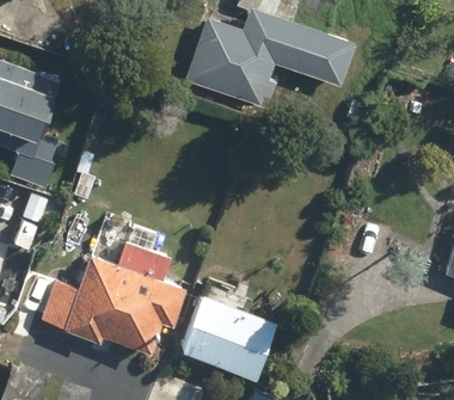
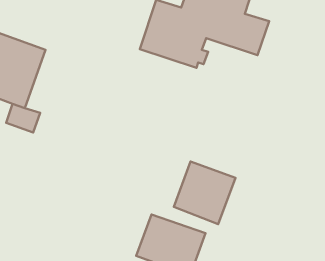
building: none -> [174,161,235,224]
building: [39,242,185,356] -> none

